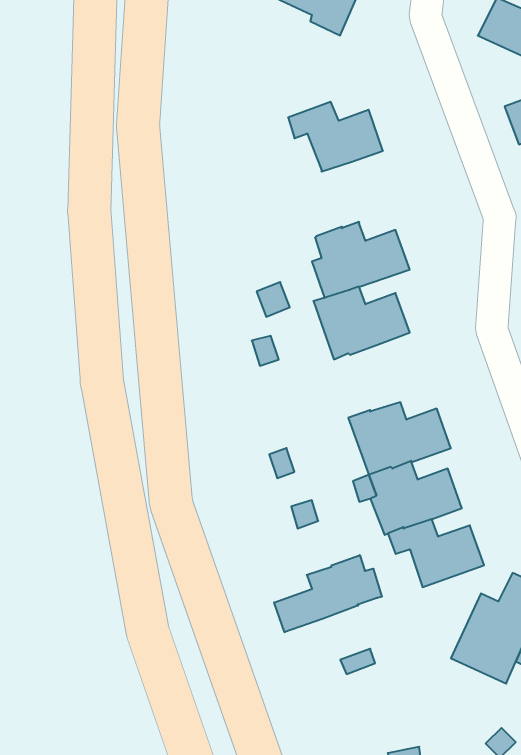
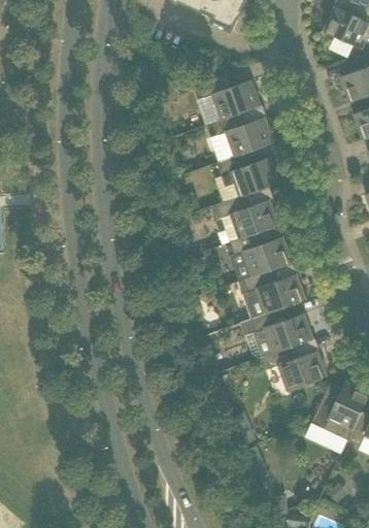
building: none -> [210,112,275,161]
building: none -> [226,231,293,279]
building: [274,555,382,632] -> none

